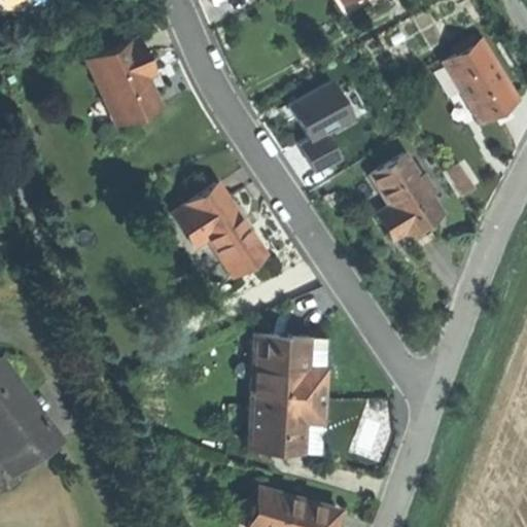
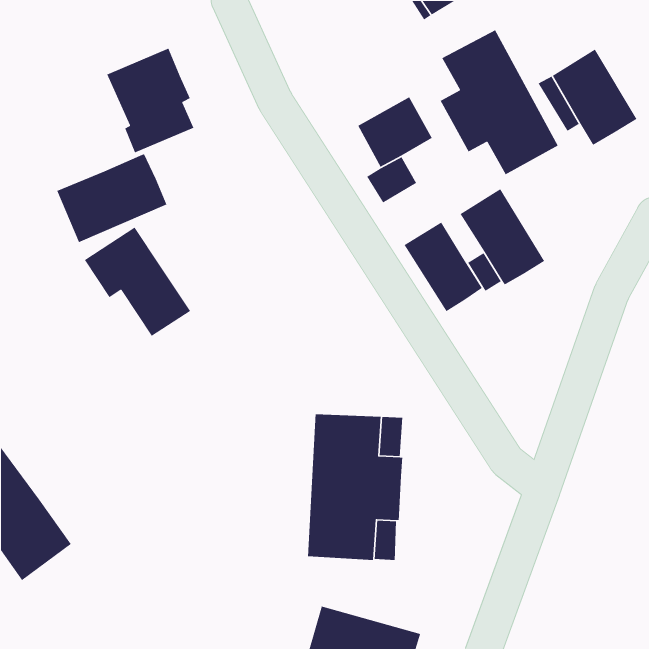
building: none -> [439,29,559,176]
building: none -> [56,153,168,243]
building: none -> [404,221,483,312]
building: [177,187,264,276] -> [84,227,191,337]

